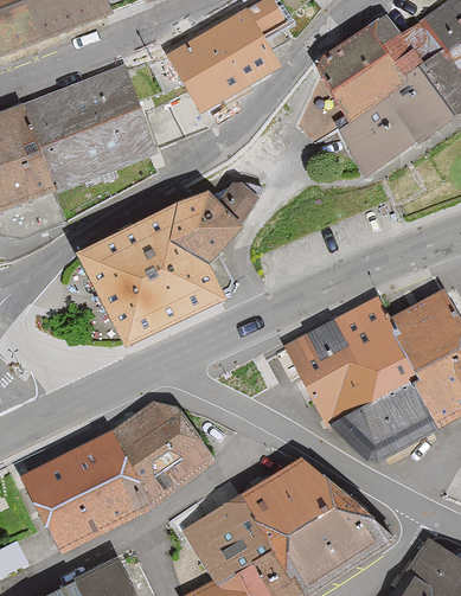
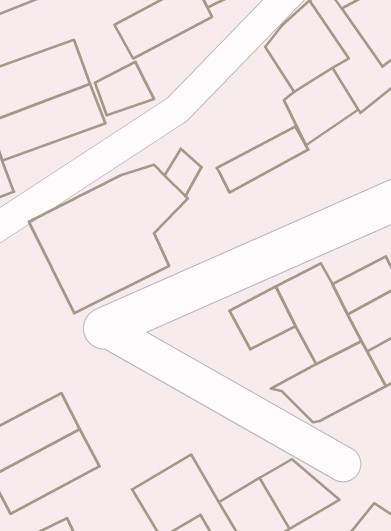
building: [185,44,278,111] -> [217,126,308,192]
building: [305,360,372,424] -> none
building: [111,403,213,504] -> none
building: [244,461,347,540] -> none

